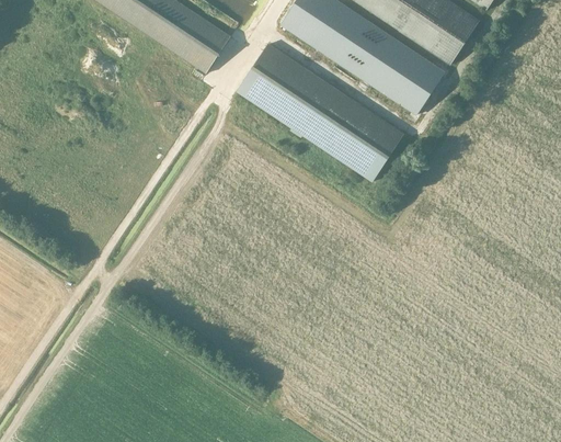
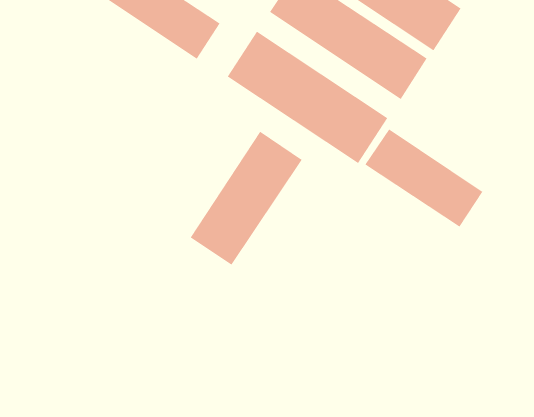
building: none -> [364,128,483,227]
building: none -> [190,131,302,265]

